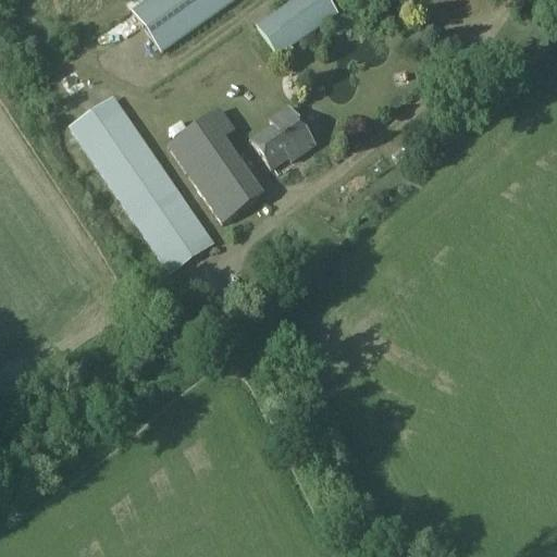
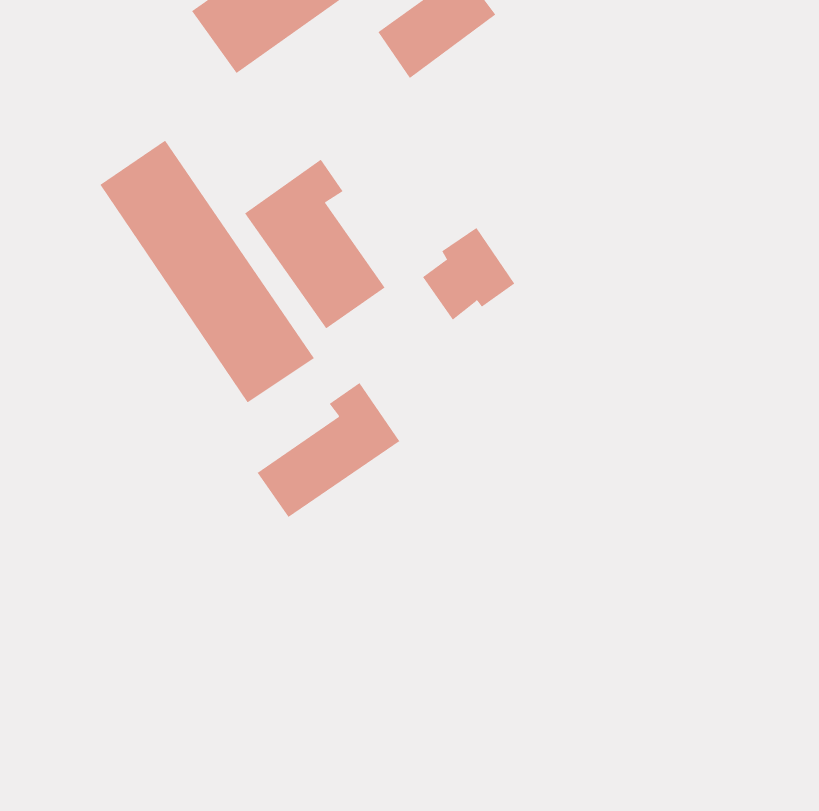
building: [251,104,314,168] -> [422,227,515,320]
building: none -> [257,382,400,518]

